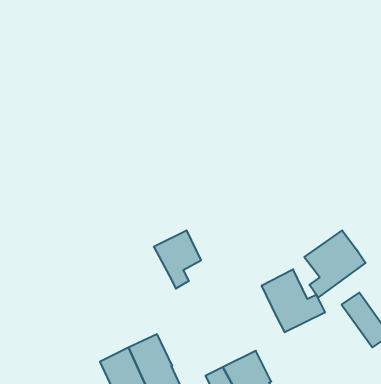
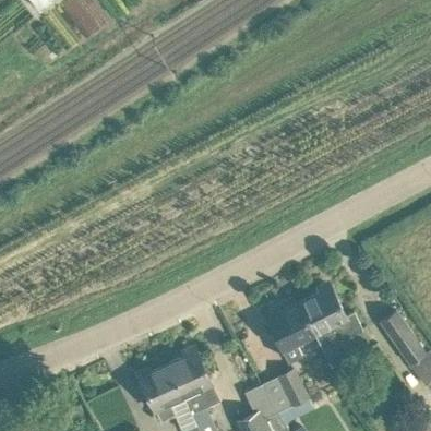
building: [154,230,201,289] -> [267,304,314,362]
building: [304,230,366,297] -> none

